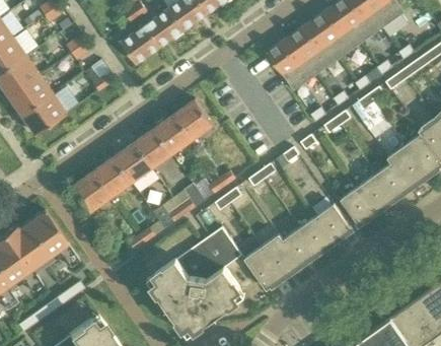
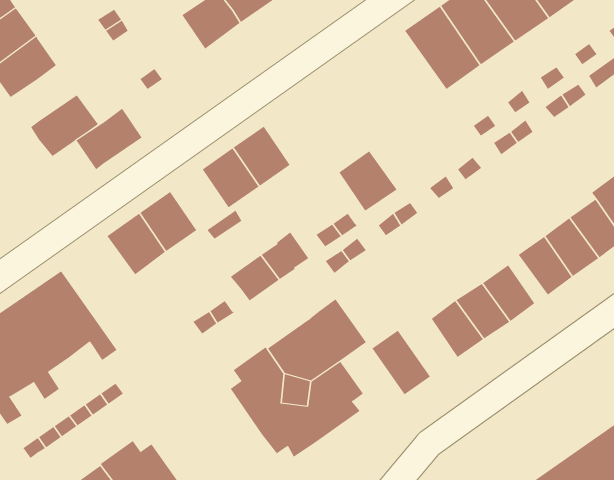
building: [9,75,53,116] -> [76,108,143,170]
building: [174,100,213,140] -> [338,151,398,211]
building: [114,143,151,183] -> none
building: [262,235,300,278] -> none

